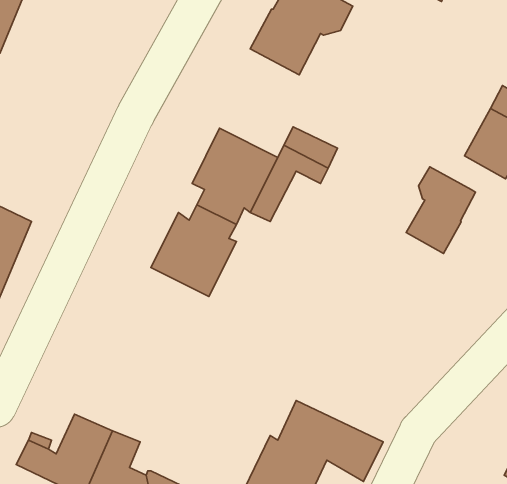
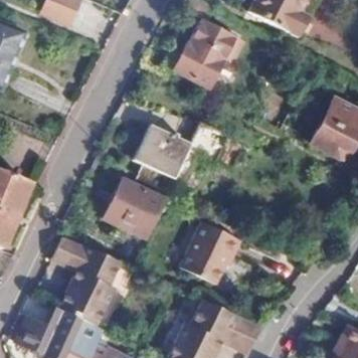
building: [406,167,476,253] -> none
building: none -> [182,222,241,285]
building: none -> [55,237,127,331]

